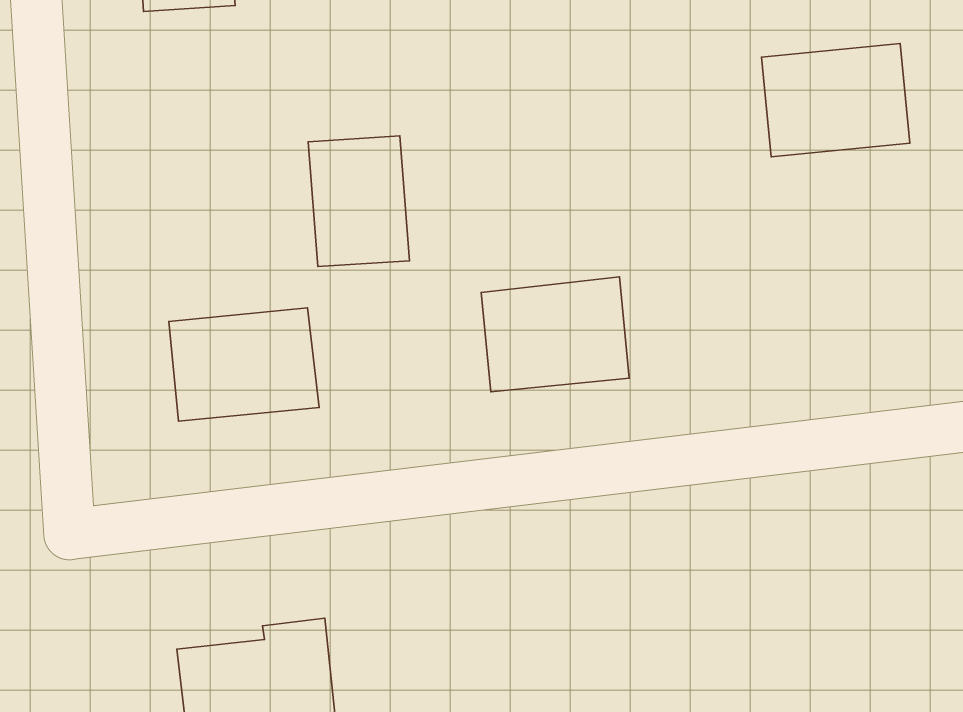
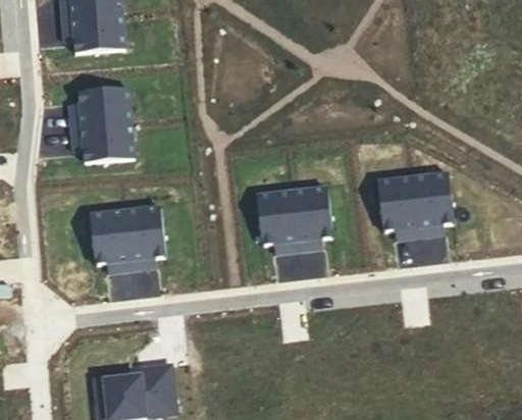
building: [762,44,910,157] -> [374,173,452,232]
building: [308,136,409,267] -> [81,89,134,157]

